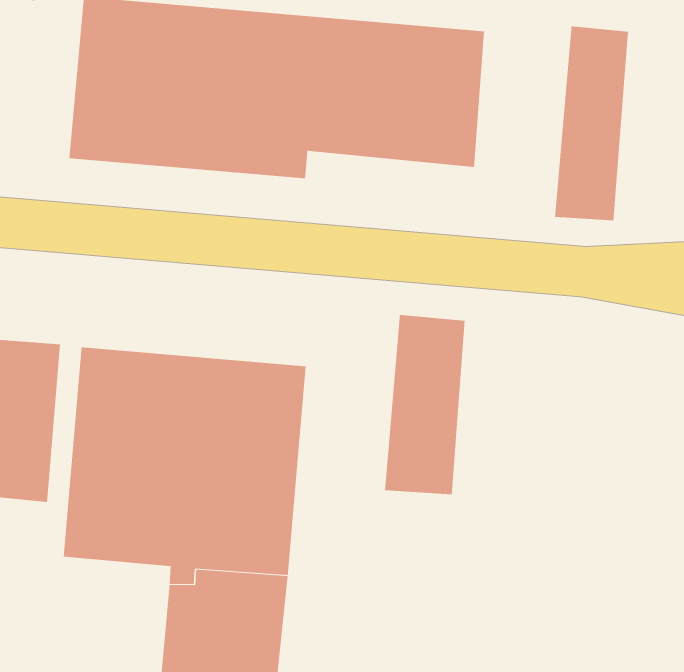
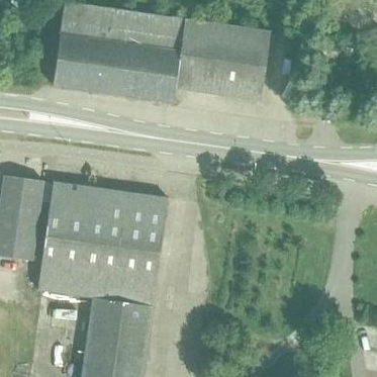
building: [555,26,629,221] -> none
building: [384,314,465,495] -> none

